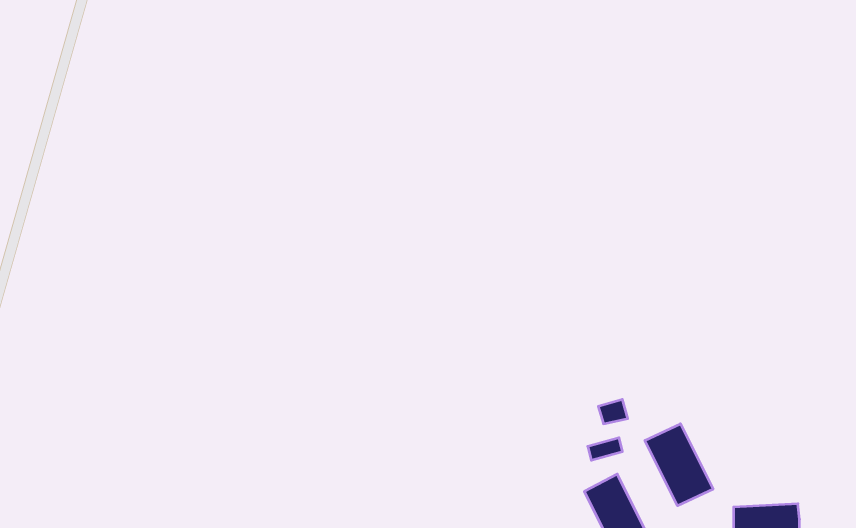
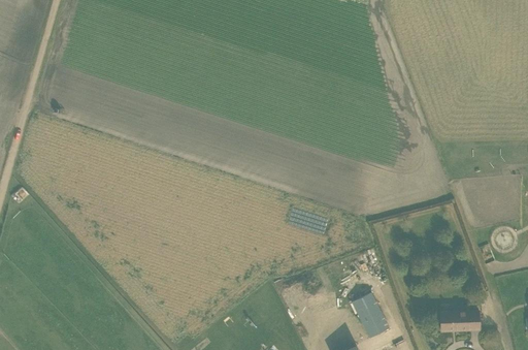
building: [645,424,713,506] -> none

